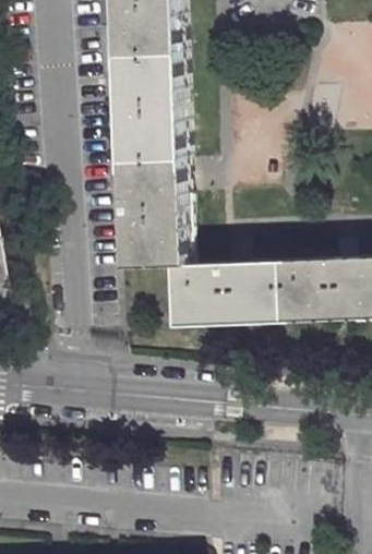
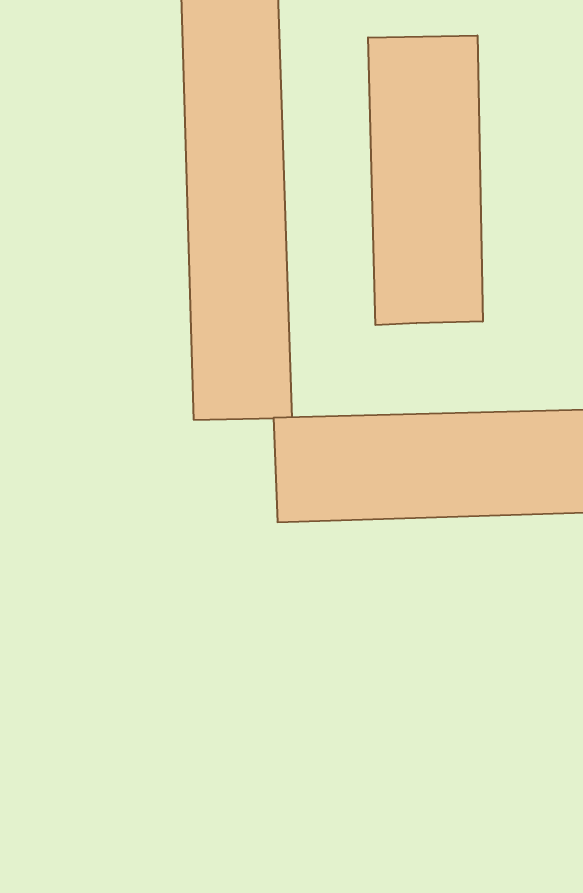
building: none -> [368,35,483,325]

